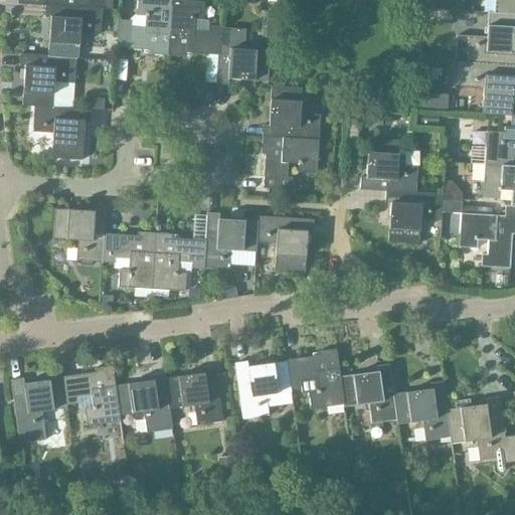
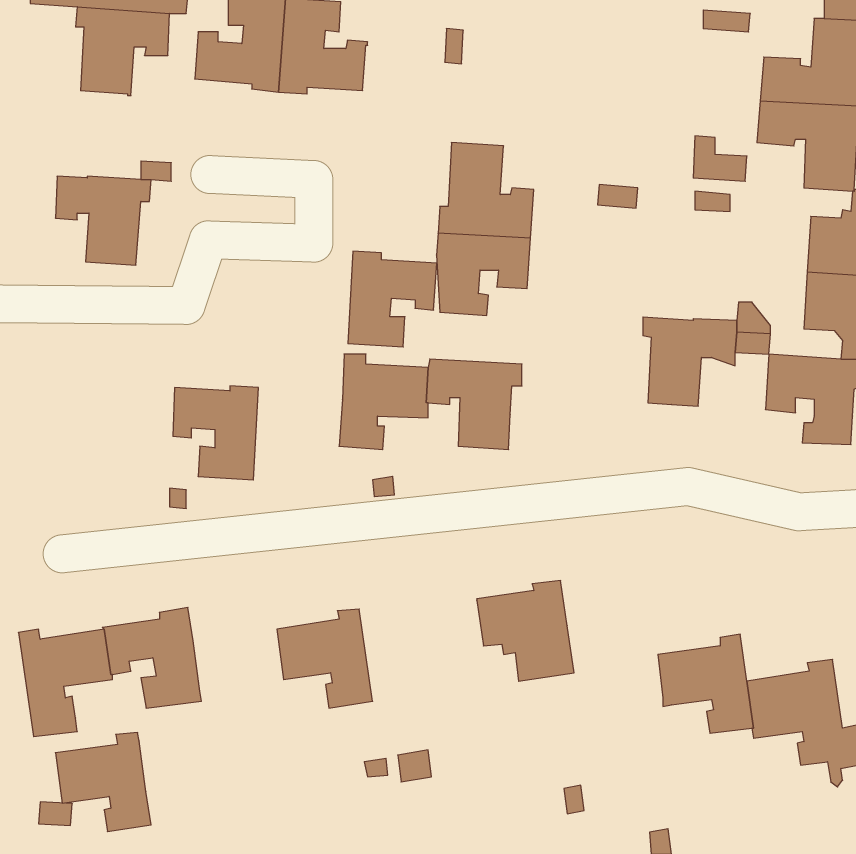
building: [216,27,271,83] -> none
building: [20,52,77,107] -> none
building: [361,137,418,192] -> none
building: [53,204,108,262] -> none
building: [153,232,206,290] -> [348,251,437,347]
building: [235,360,291,417] -> none
building: [341,363,398,422] -> none
building: [117,372,174,432] -> [55,733,151,832]

